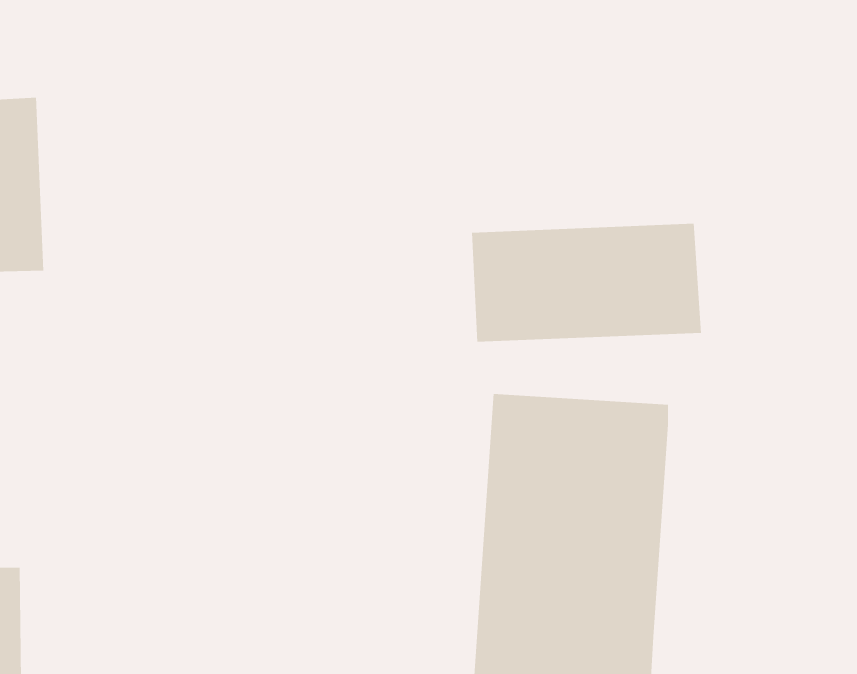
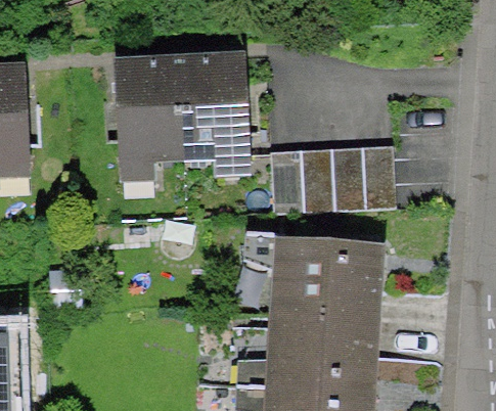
building: none -> [112,63,252,163]

